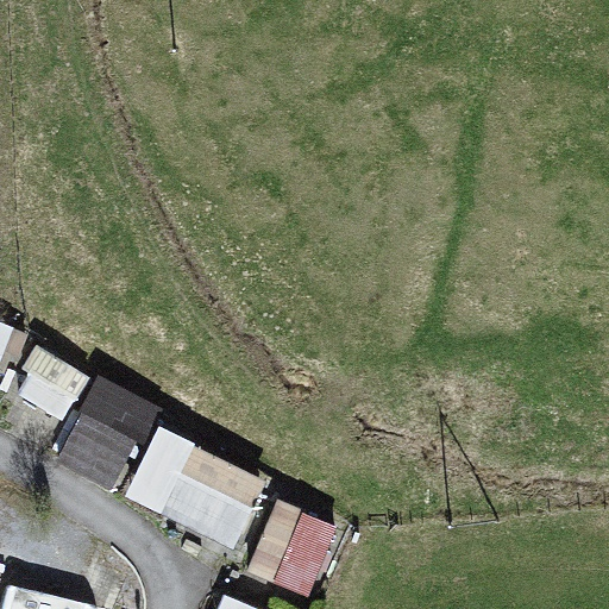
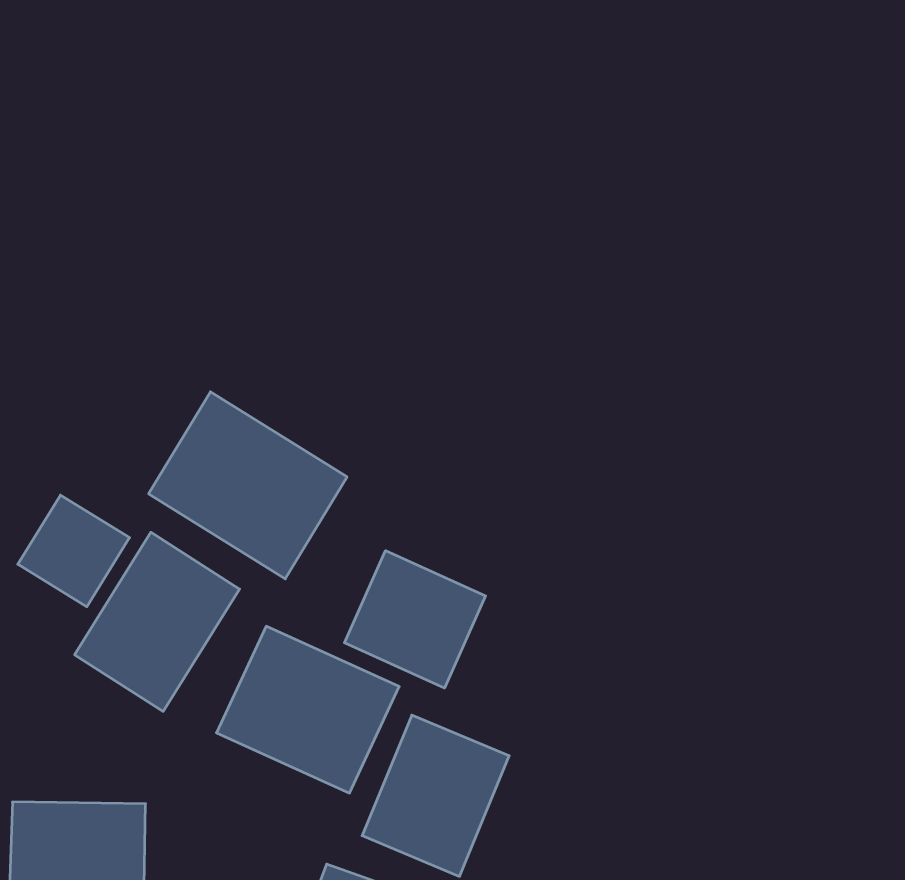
building: none -> [149,392,347,579]
building: none -> [344,551,486,688]

